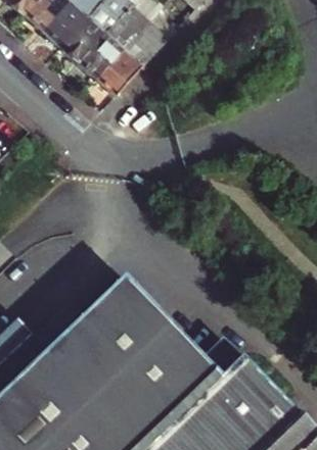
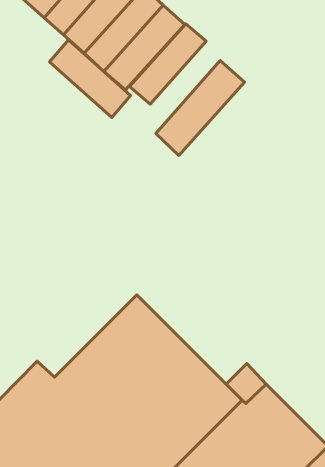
building: none -> [130,24,206,104]
building: none -> [50,40,131,118]
building: none -> [156,60,245,156]

